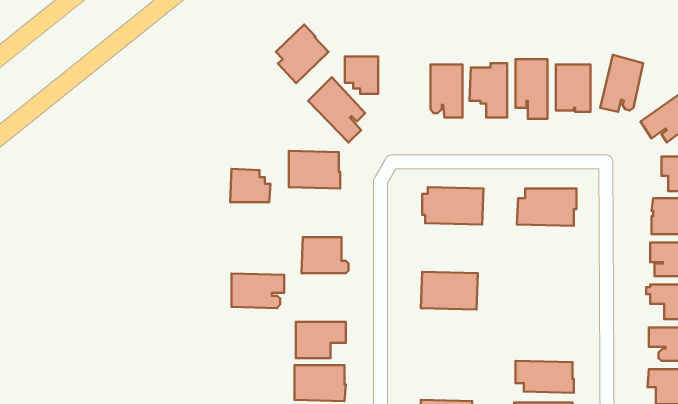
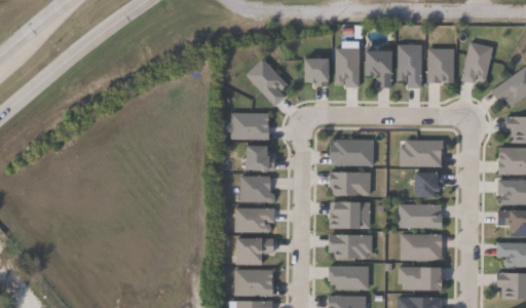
building: [276,24,328,83] -> none
building: [345,56,378,94] -> [304,59,329,86]
building: [230,169,271,202] -> [246,145,275,169]
building: none -> [330,171,371,196]
building: none -> [414,172,443,197]
building: [231,273,284,308] -> [235,207,274,233]
building: none -> [399,204,443,228]
building: none -> [401,234,442,261]
building: none -> [330,235,373,258]
building: none -> [329,266,369,290]

